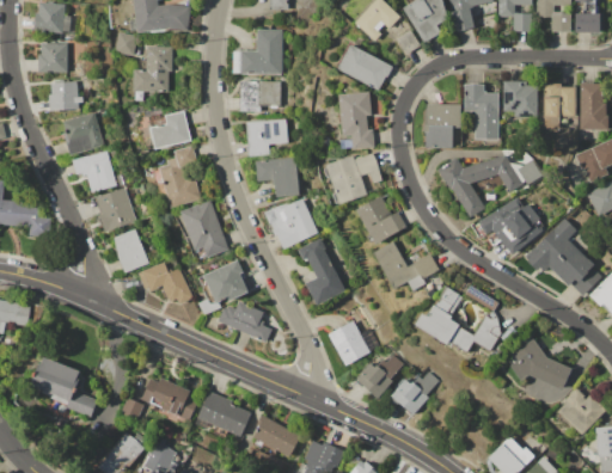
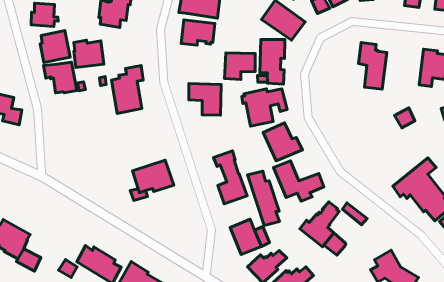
building: [503,81,538,116] -> none
building: [424,104,461,148] -> none
building: [149,111,190,148] -> [74,40,104,68]
building: [247,119,287,155] -> [225,53,255,79]
building: [439,154,524,216] -> none
building: [96,188,136,232] -> none
building: [479,197,543,254] -> none
building: [264,198,319,250] -> none
building: [180,199,230,258] -> none
building: [111,228,148,272] -> none
building: none -> [248,171,279,225]
building: [139,262,192,303] -> none
building: [219,300,273,343] -> none
building: [475,311,502,350] -> none

